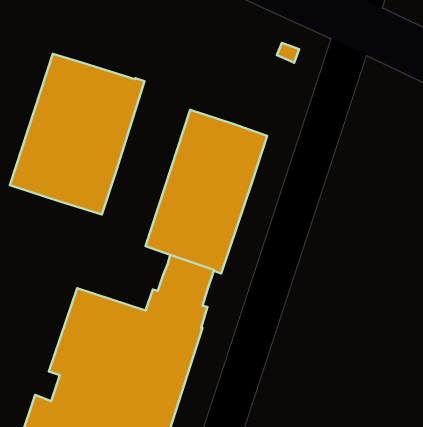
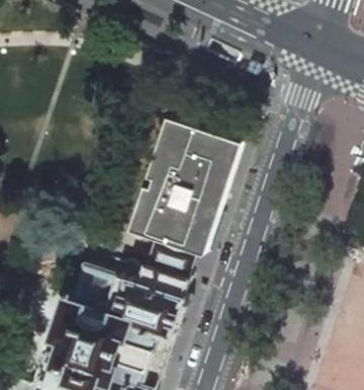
building: [10,54,144,214] -> none

